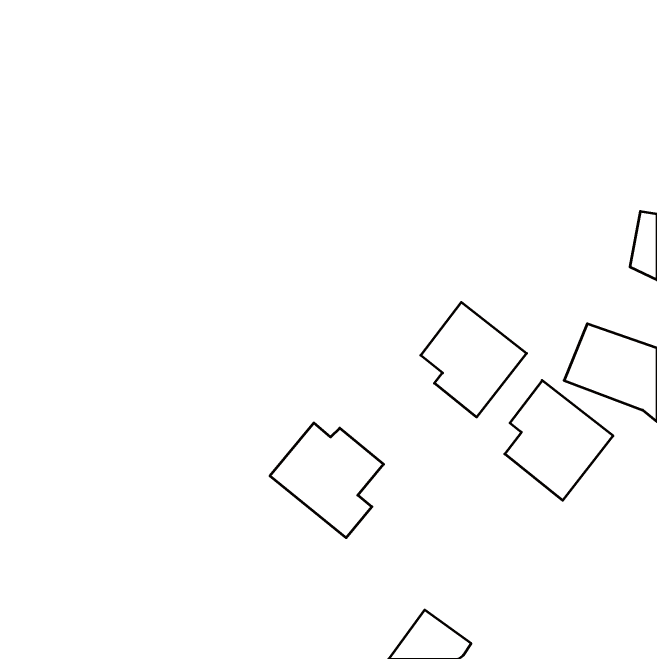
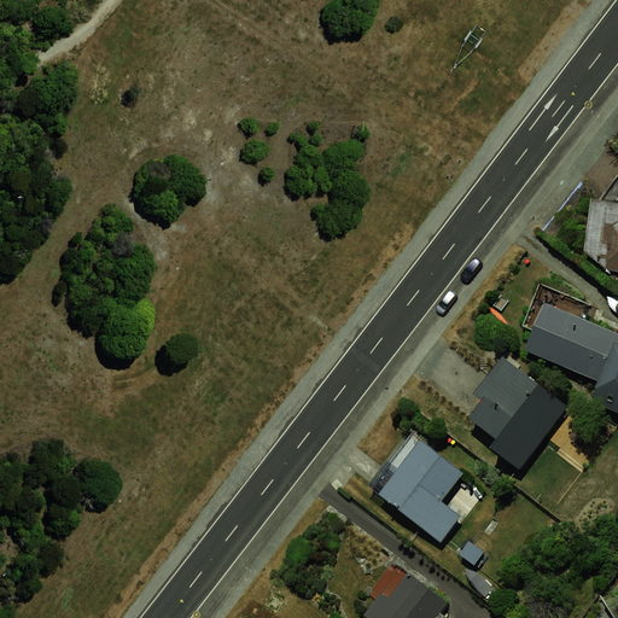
building: [421,302,527,417] -> none
building: [270,423,384,538] -> [362,435,468,542]

